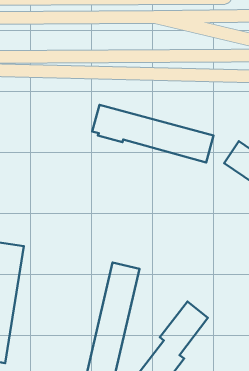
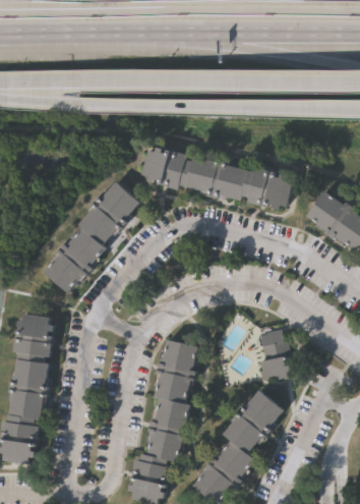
building: none -> [44,182,147,293]
building: none -> [256,328,294,380]

